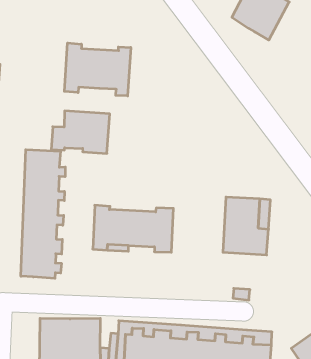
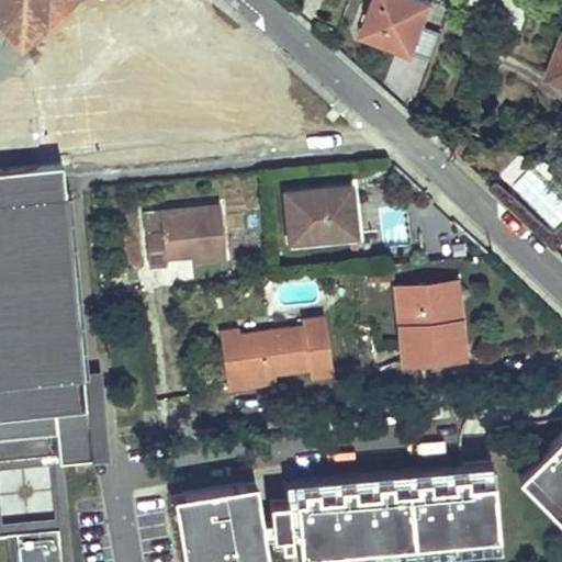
building: [64,43,131,96] -> none
building: none -> [285,189,356,244]
building: [21,150,65,278] -> none

